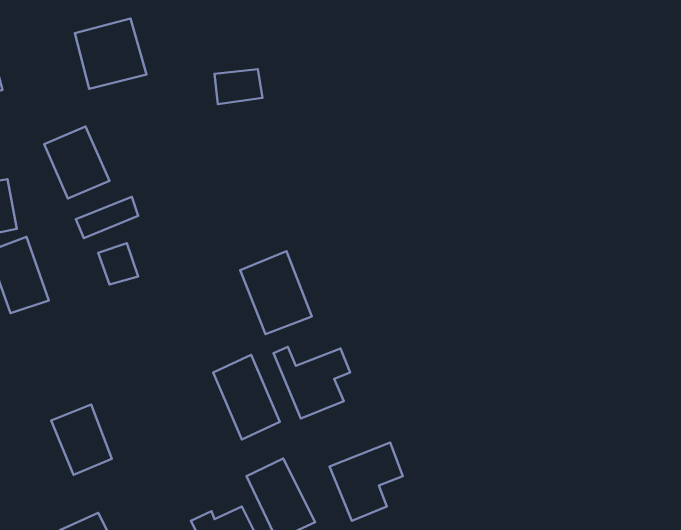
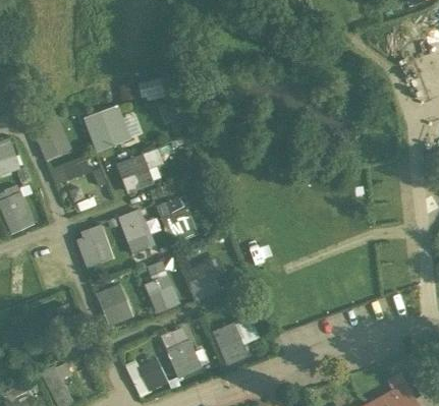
building: [75,19,147,89] -> [85,106,130,151]
building: none -> [116,148,163,194]
building: none -> [120,209,156,266]
building: none -> [75,226,112,267]
building: [51,405,112,475] -> [96,282,134,327]

